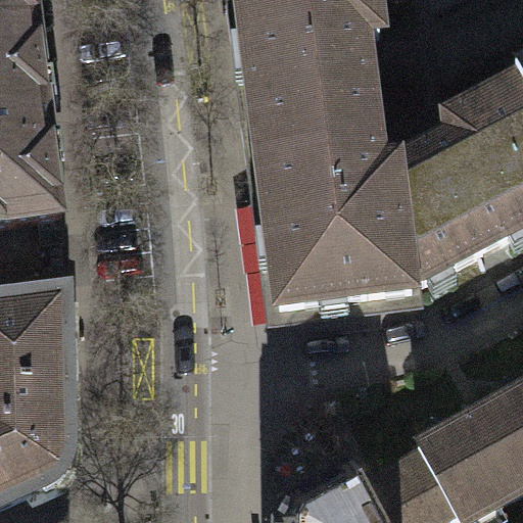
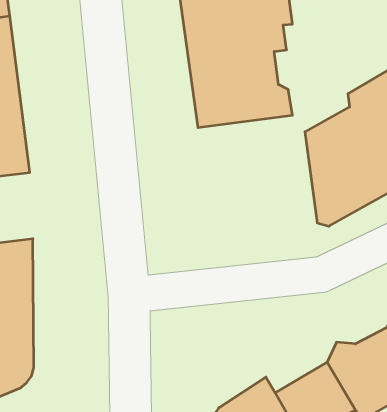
building: [260,145,408,306] -> none

